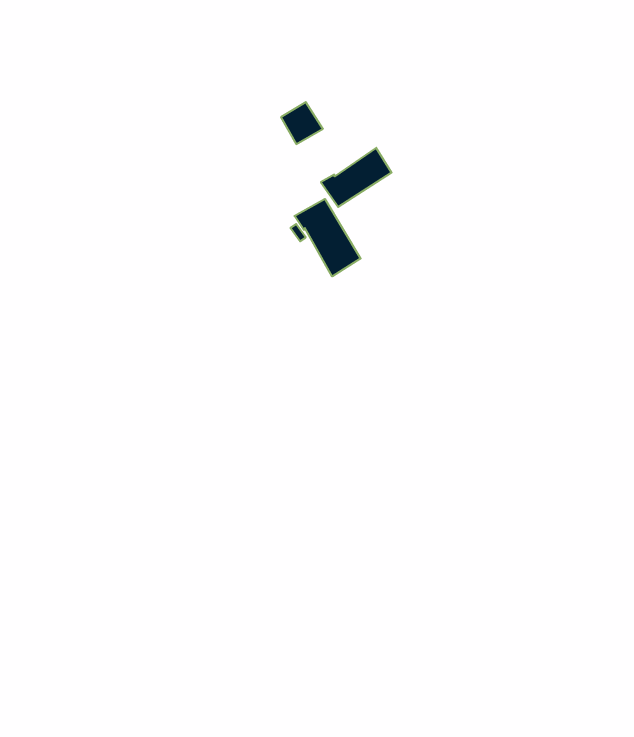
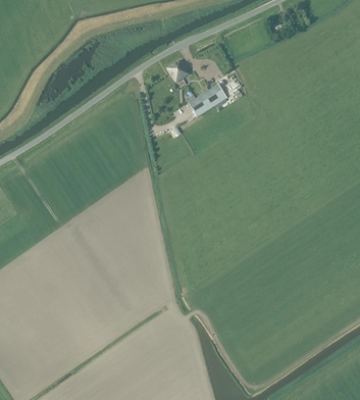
building: [294,199,361,276] -> none

